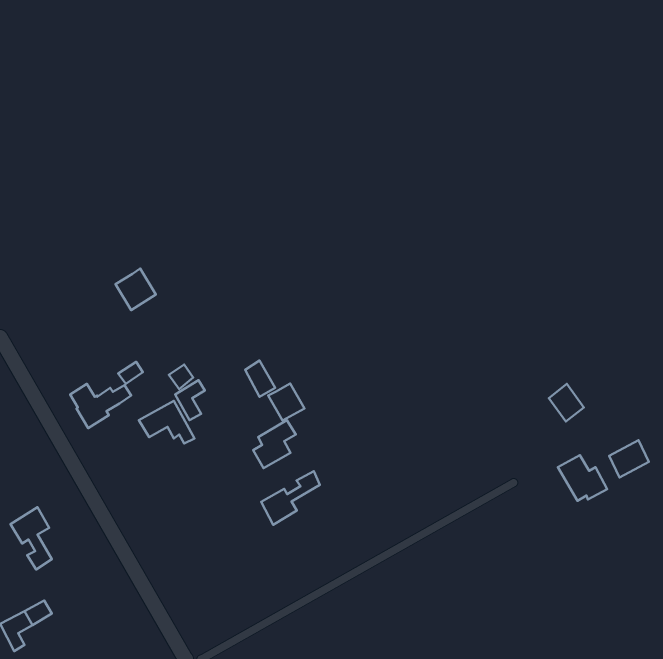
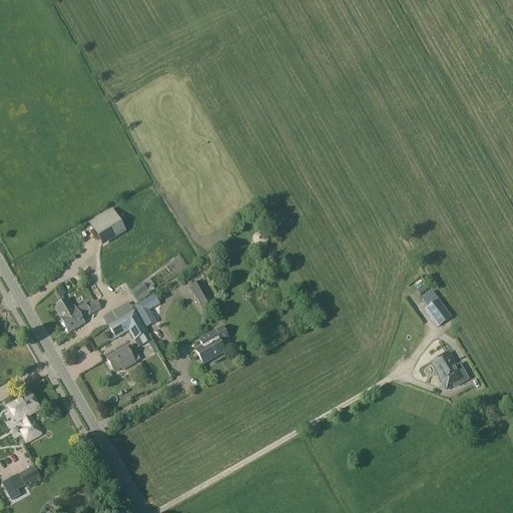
building: [268,383,305,420] -> none
building: [609,440,649,477] -> none
building: none -> [106,343,140,370]
building: [261,471,320,525] -> none

